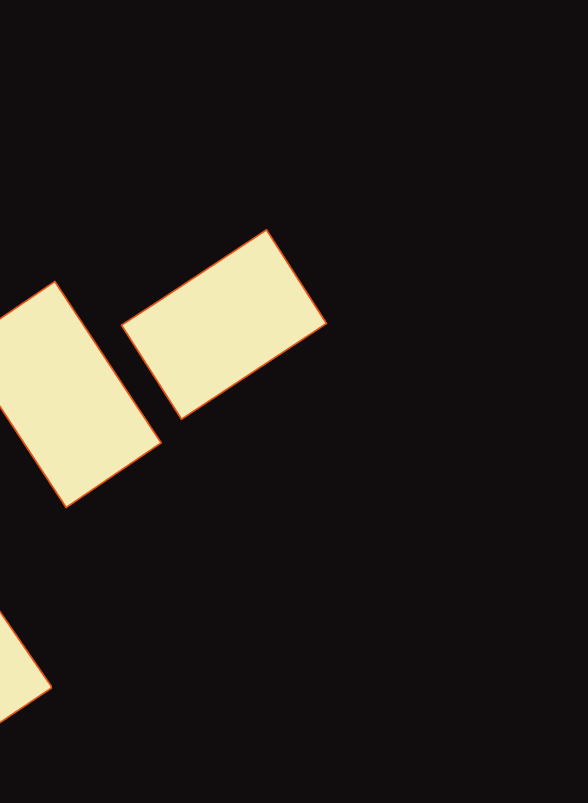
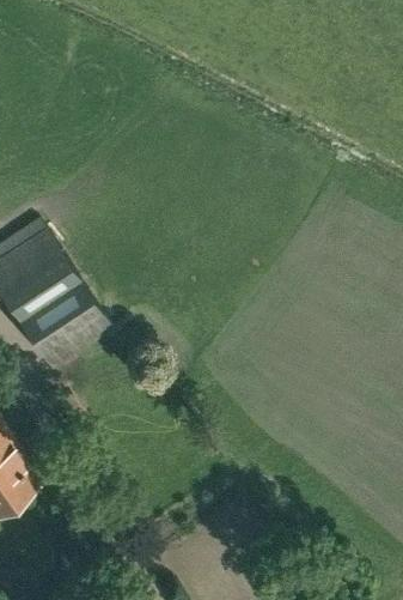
building: [122,230,326,419] -> none

